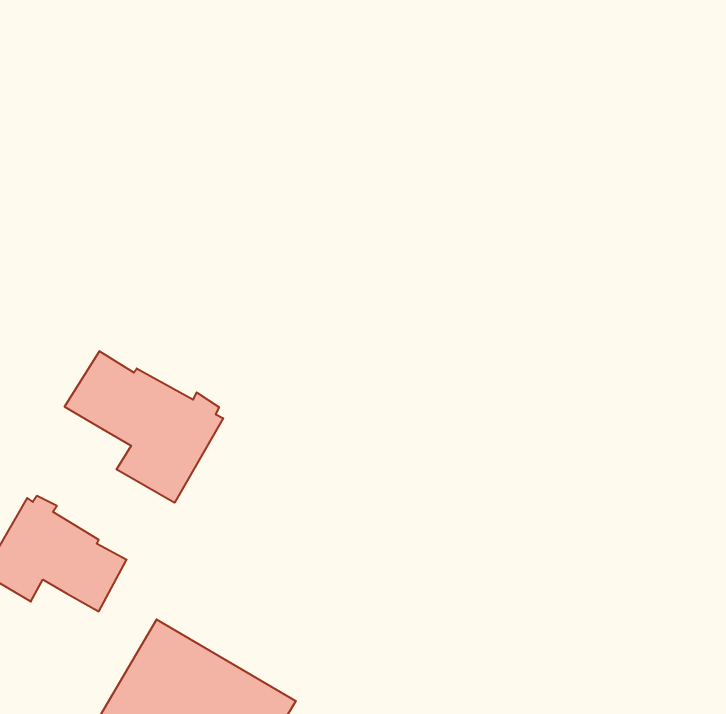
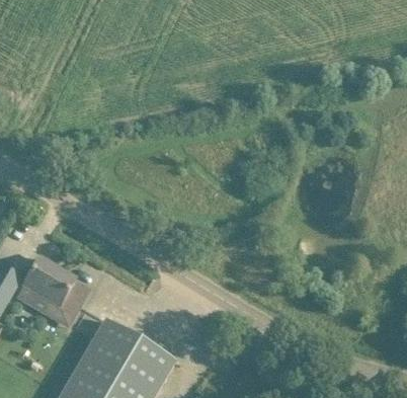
building: [65,351,223,503] -> none

